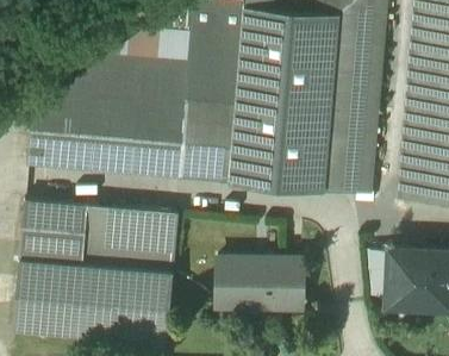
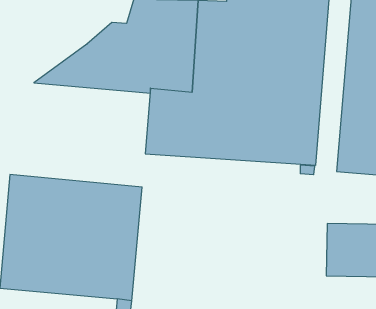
building: [26,96,185,177] -> none
building: [214,261,301,310] -> none

